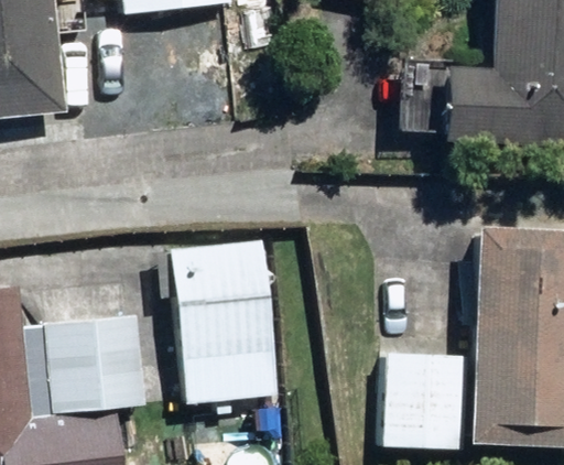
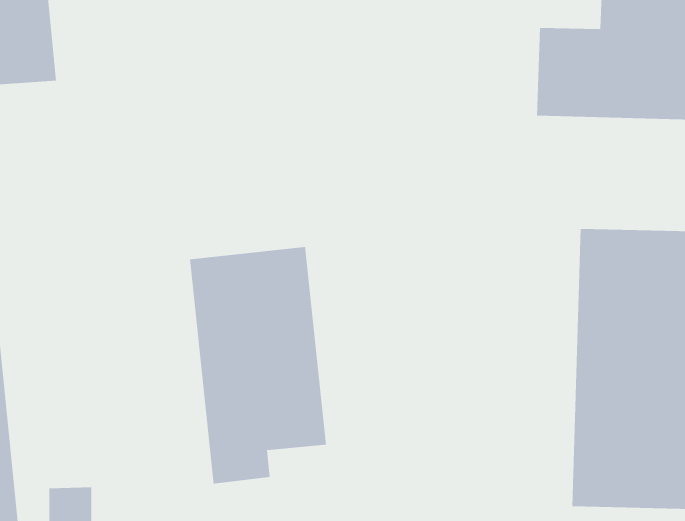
building: [44,317,143,411] -> none
building: [381,350,468,450] -> none

